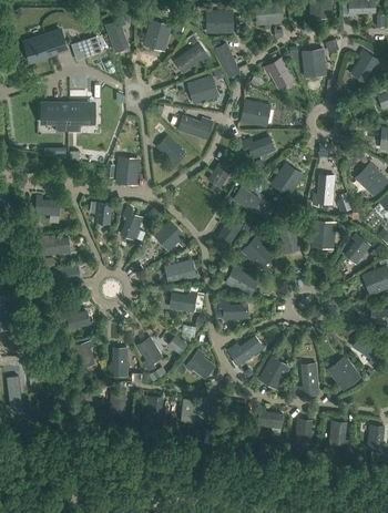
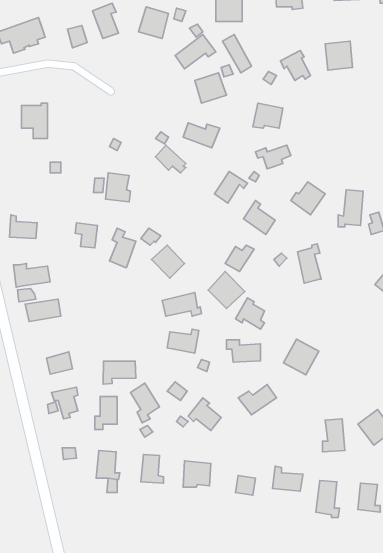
building: [68,101,90,131] -> none
building: [312,220,335,245] -> none
building: [242,235,273,266] -> [208,272,245,308]
building: none -> [103,361,136,384]
building: [258,359,288,389] -> [283,339,319,375]

